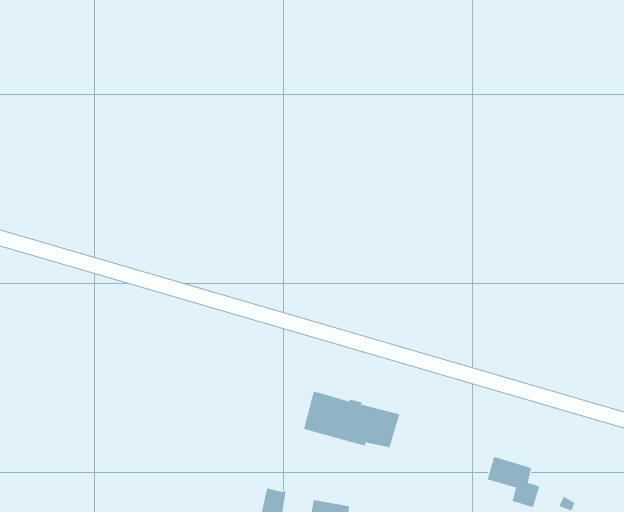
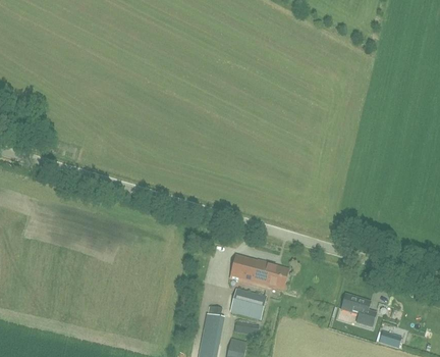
building: none -> [229,288,265,318]

